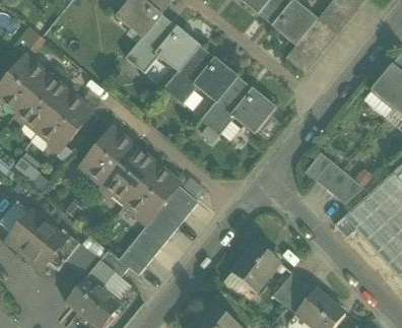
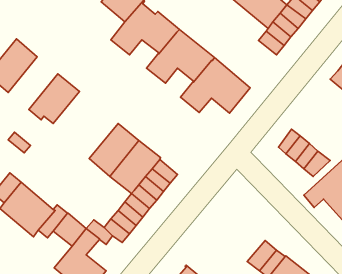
building: [15,74,69,131] -> none
building: [83,127,134,184] -> none
building: [233,239,281,288] -> none

